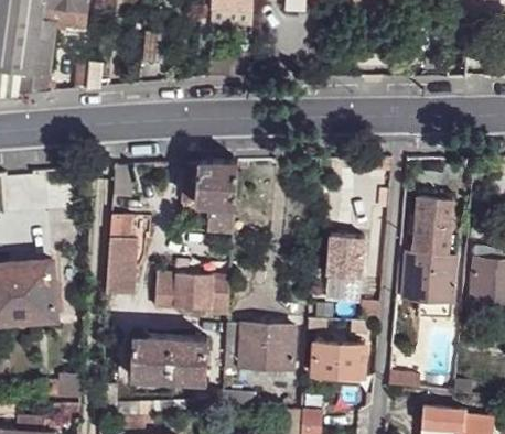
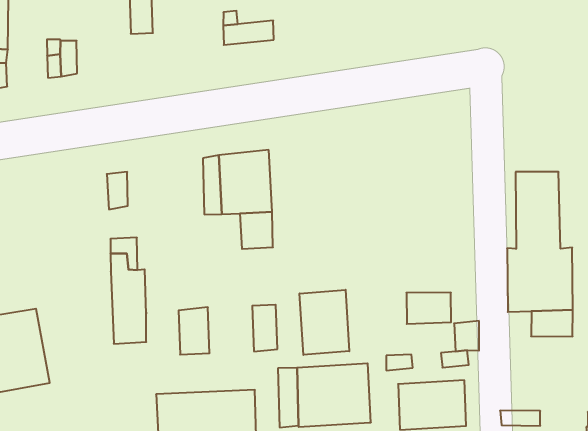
building: [327,236,363,280] -> none
building: none -> [300,290,349,355]
building: [176,272,212,308] -> none

